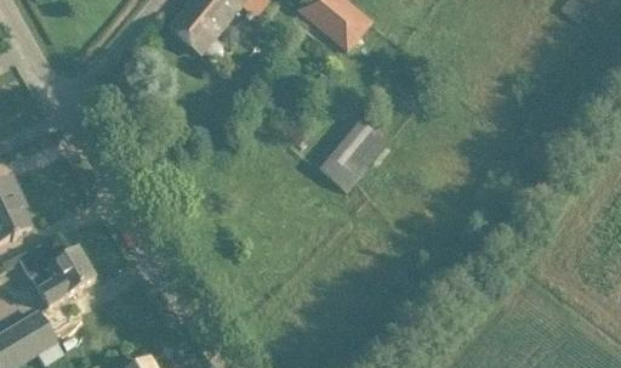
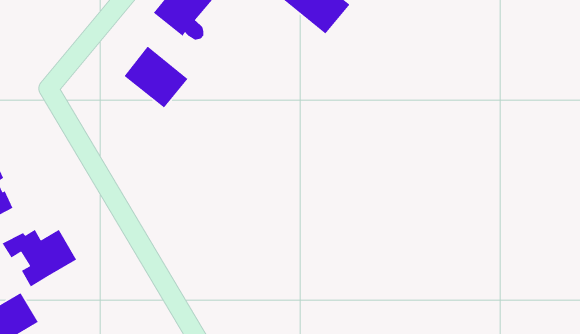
building: none -> [123,45,188,108]
building: [320,118,389,191] -> none

